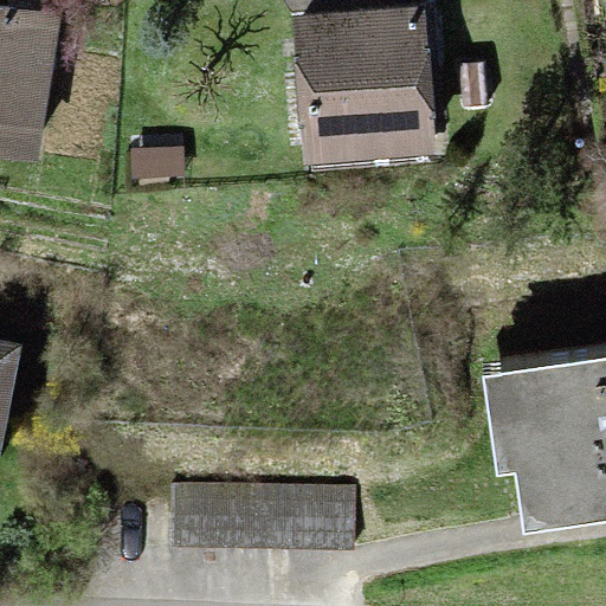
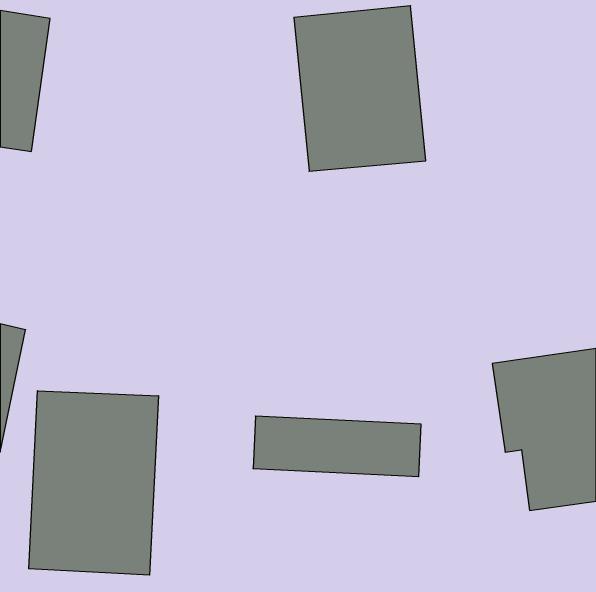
building: none -> [29,391,158,575]
building: [174,485,344,547] -> [253,416,421,477]

